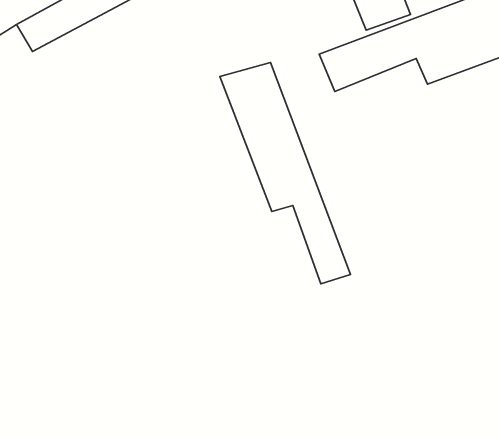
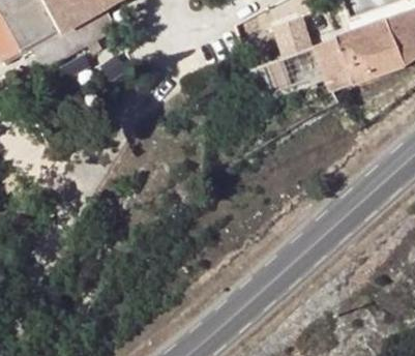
building: [220,62,351,284] -> none

